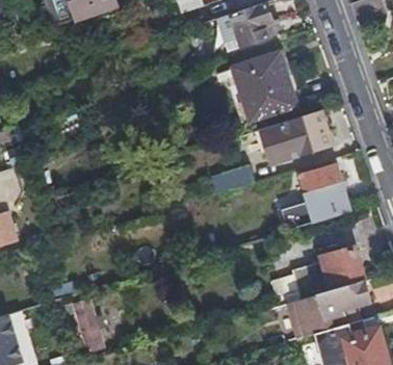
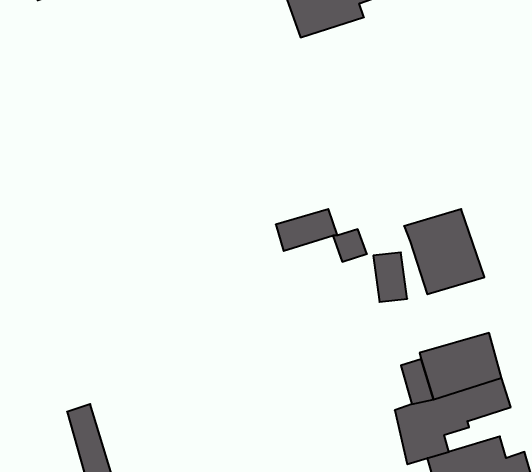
building: [232,55,294,121] -> none
building: [259,111,333,160] -> none

